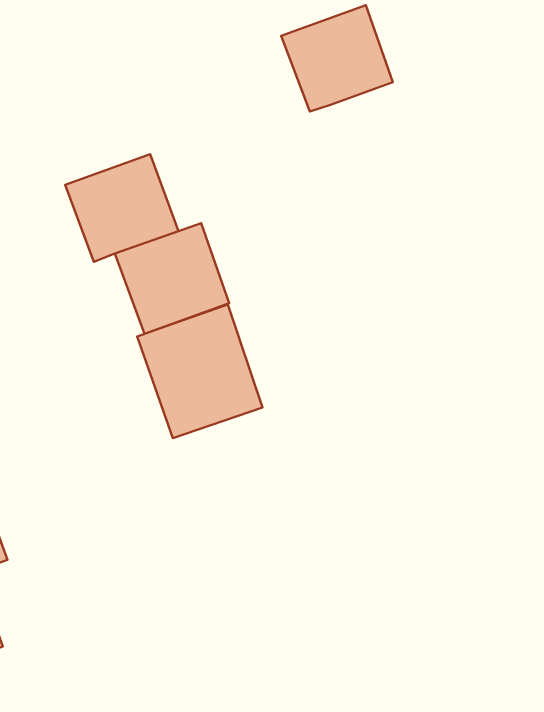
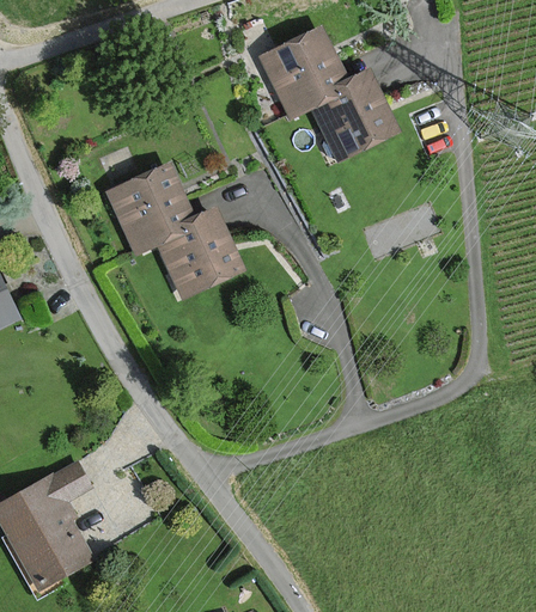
building: none -> [302,69,396,163]
building: [137,304,263,438] -> none

